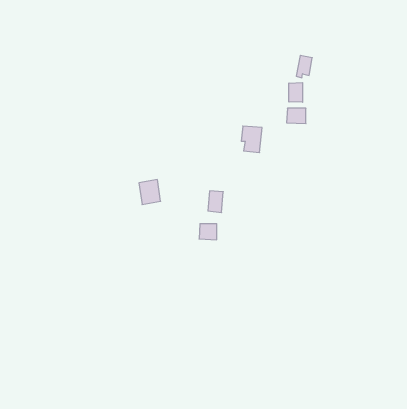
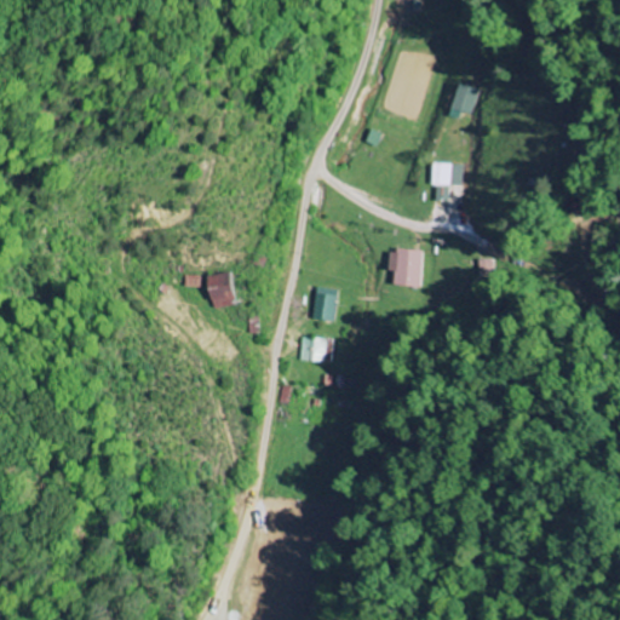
building: [289,83,303,102] -> none
building: [241,126,262,153] -> [389,248,420,288]

